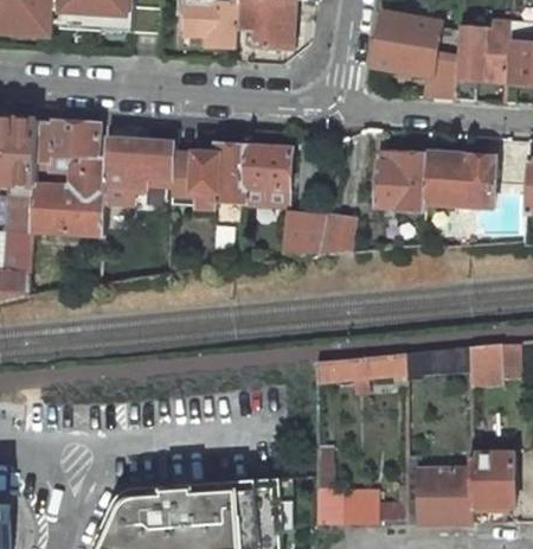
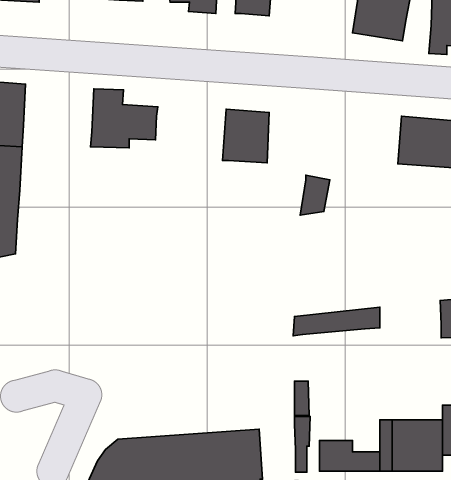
building: [424,53,458,98] -> none
building: [31,120,105,235] -> none
building: [172,145,245,208] -> none
building: [374,151,428,210] -> none
building: [282,218,328,256] -> none
building: [405,345,469,378] -> none

